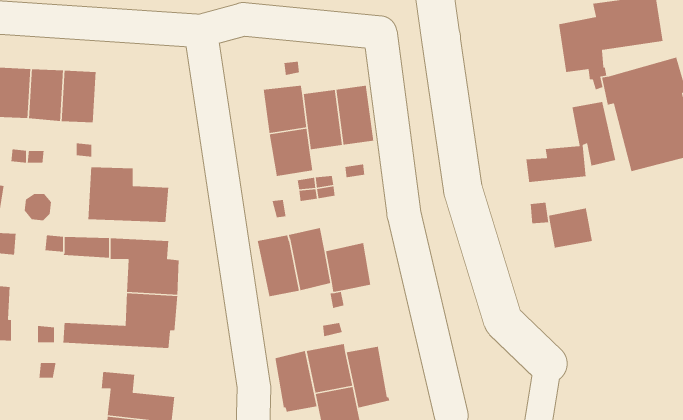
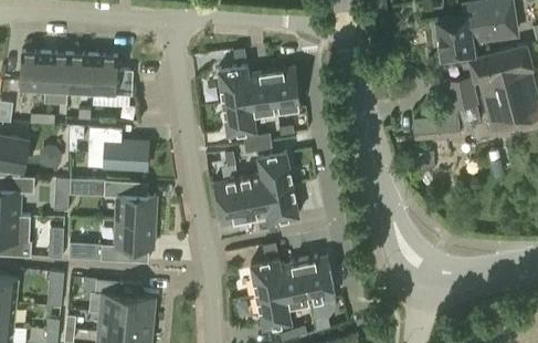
building: none -> [92,56,133,96]
building: none -> [257,152,293,190]
building: [548,207,593,248] -> none
building: [274,350,317,413] -> [304,256,336,302]

